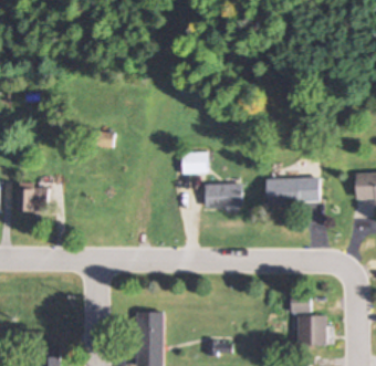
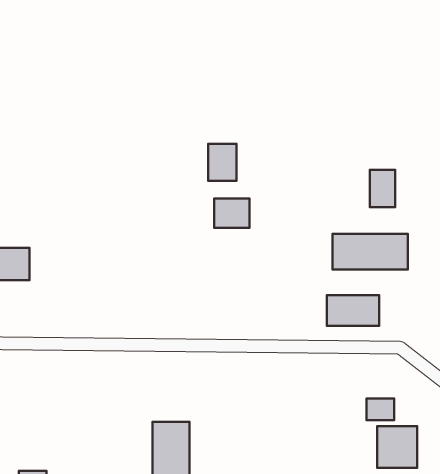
building: none -> [208,144,237,181]
building: none -> [370,170,395,207]
building: [205,185,242,207] -> [327,295,379,326]

